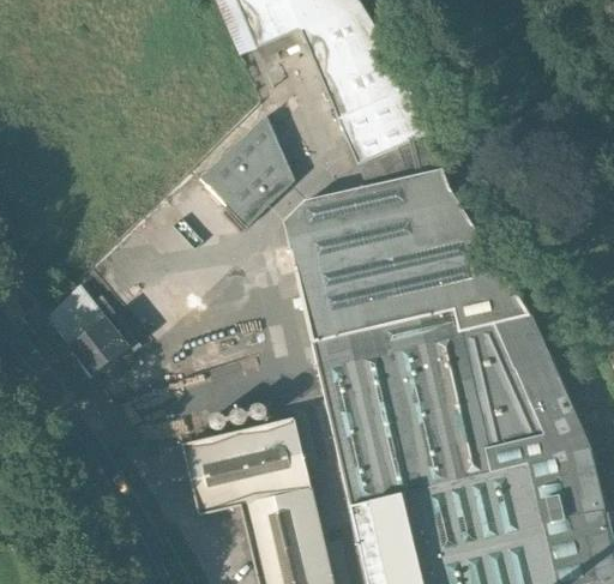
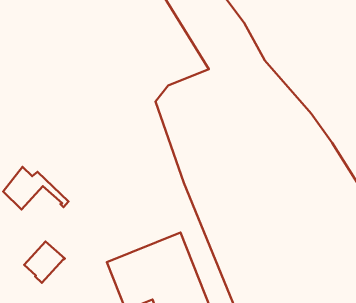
building: [201,118,297,229] -> none
building: [70,320,130,379] -> [24,241,65,283]

